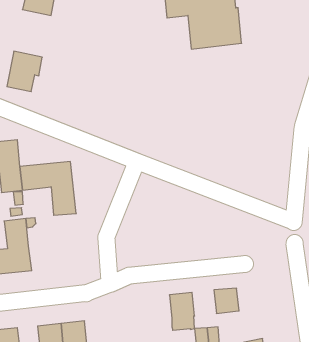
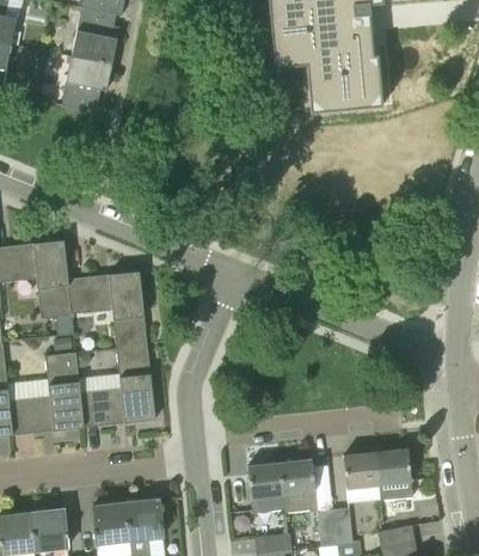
building: [7,51,42,92] -> [61,55,111,112]
building: none -> [79,346,154,427]
building: none -> [375,448,412,499]
building: none -> [246,462,283,512]

